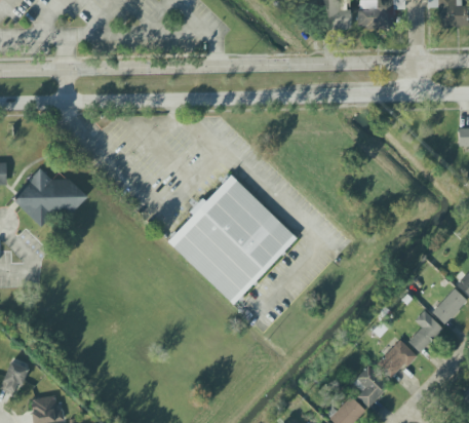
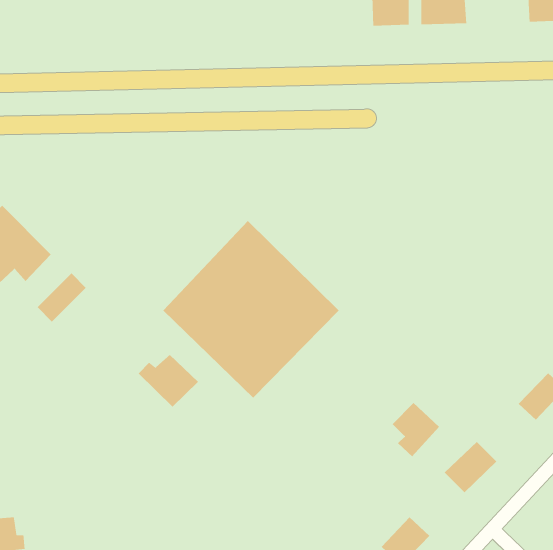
building: none -> [37,272,86,323]
building: none -> [138,354,199,408]
building: [408,309,443,352] -> none
building: [353,364,389,406] -> [392,402,440,457]

